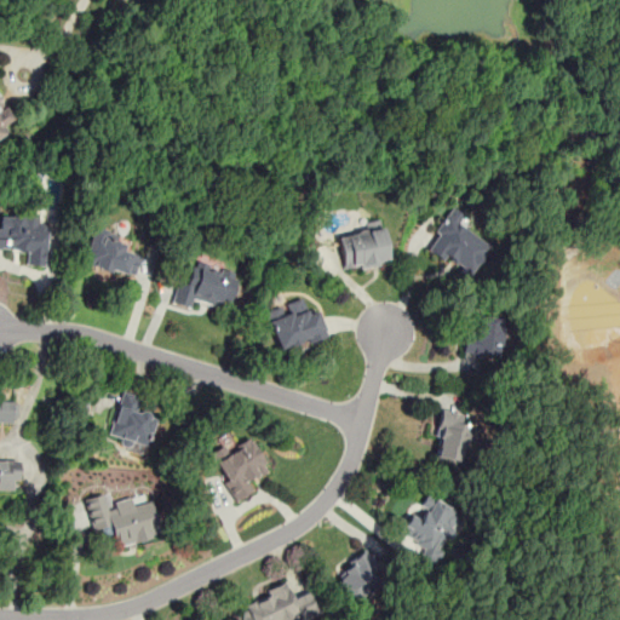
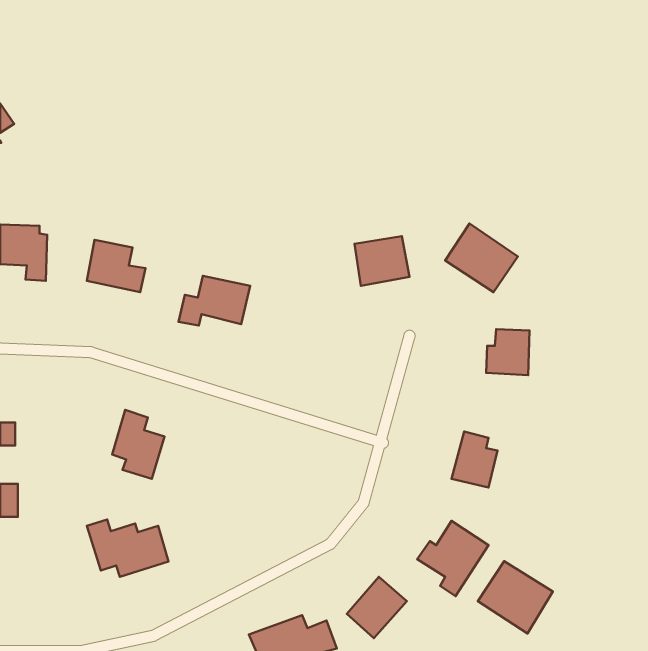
building: [271,299,333,351] -> none
building: [212,434,270,503] -> none
building: none -> [478,561,553,634]

